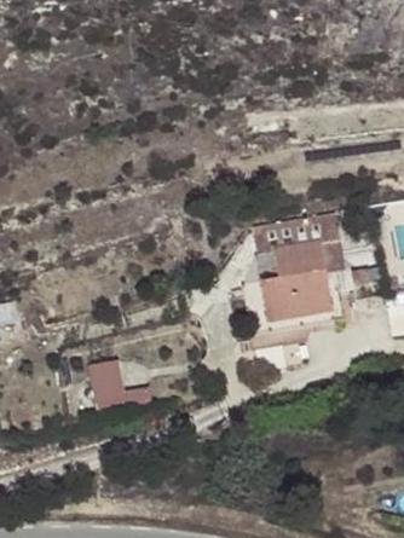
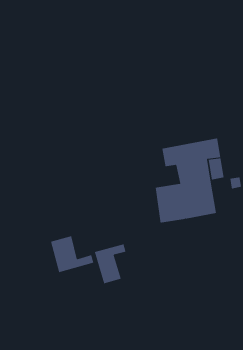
building: none -> [94,243,126,284]

